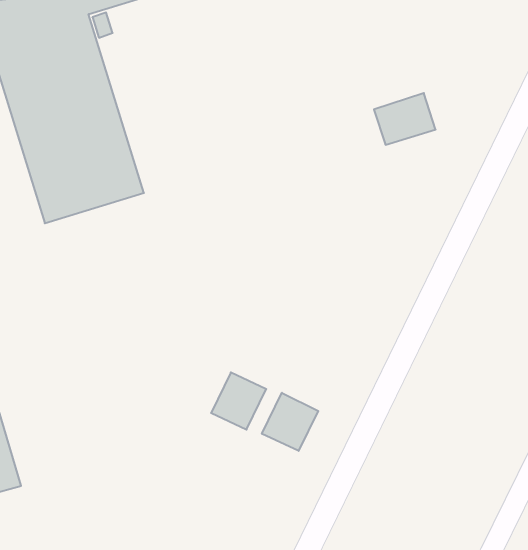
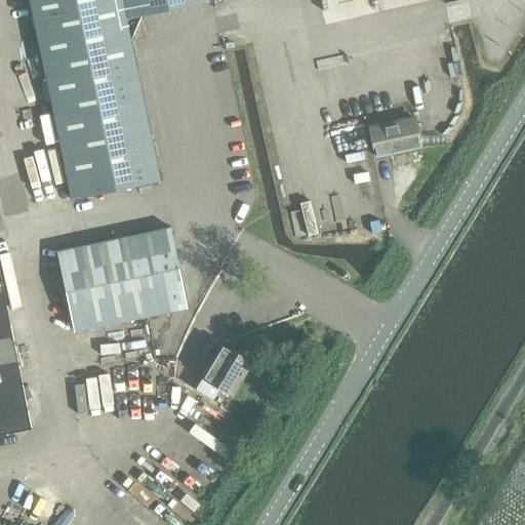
building: none -> [56,228,187,331]
building: [262,393,318,451] -> none

